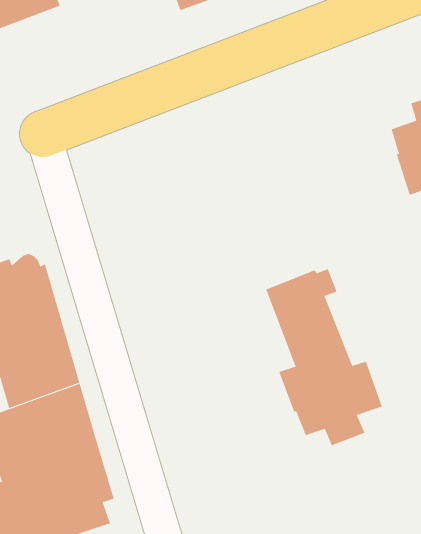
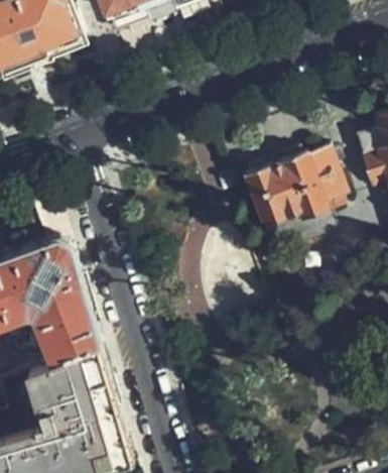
building: none -> [241,146,348,229]
building: [265,269,383,446] -> none

